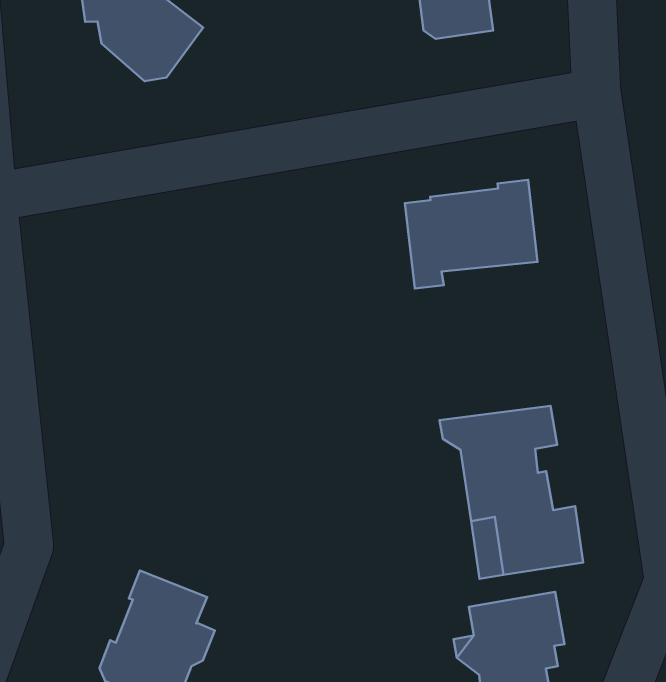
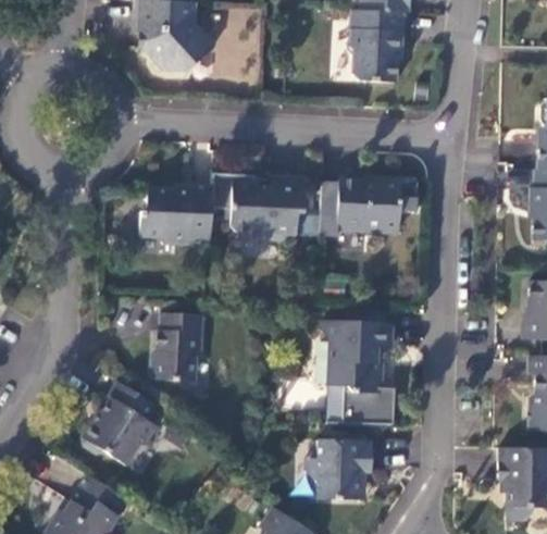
building: none -> [231,176,306,239]
building: none -> [139,186,213,245]
building: none -> [149,313,202,382]

